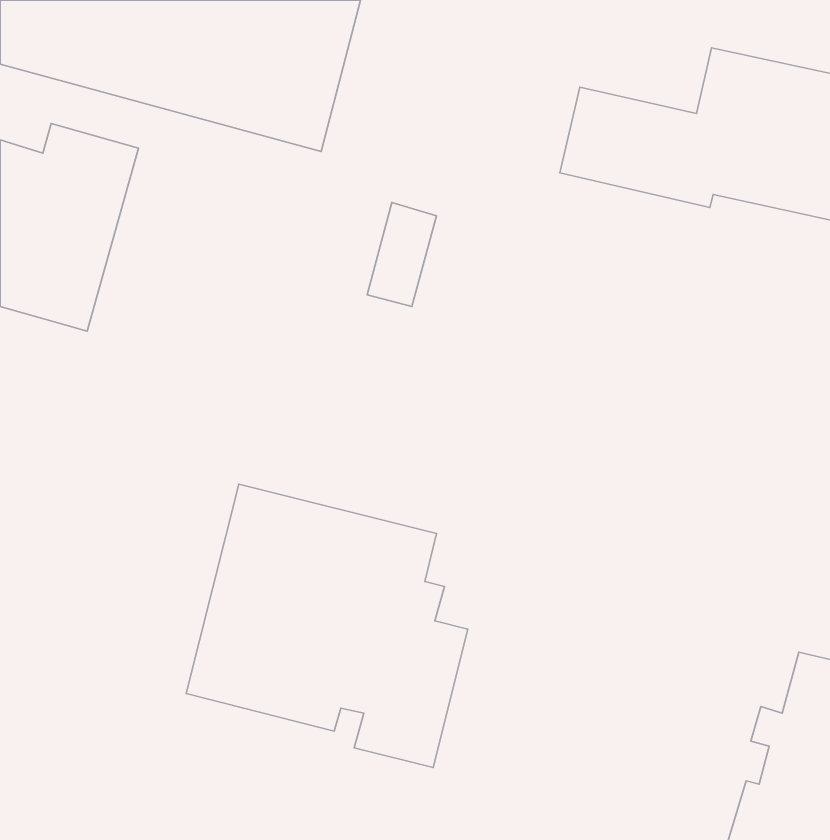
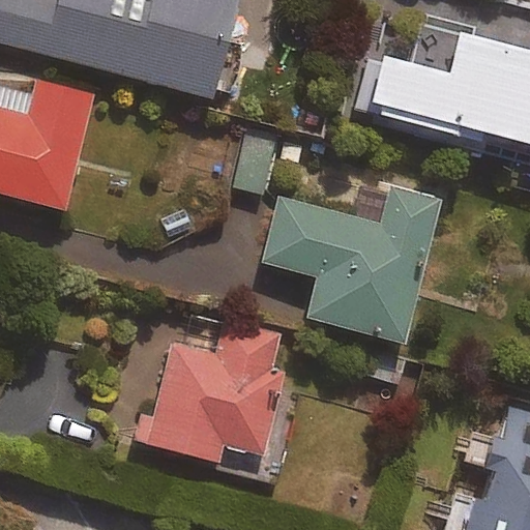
building: none -> [264,183,439,340]

